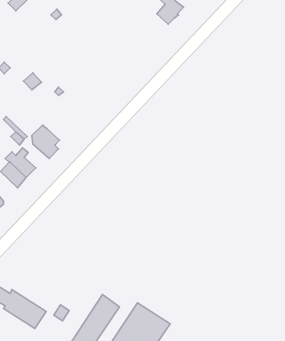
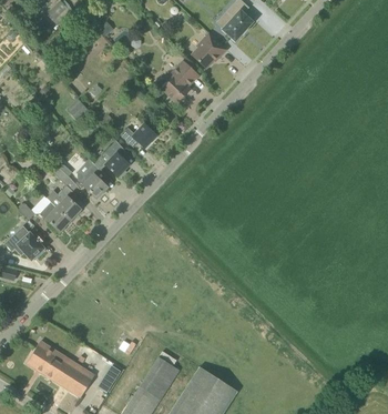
building: none -> [190,31,226,68]
building: none -> [161,60,198,103]
building: none -> [120,123,156,148]
building: none -> [104,140,129,178]

